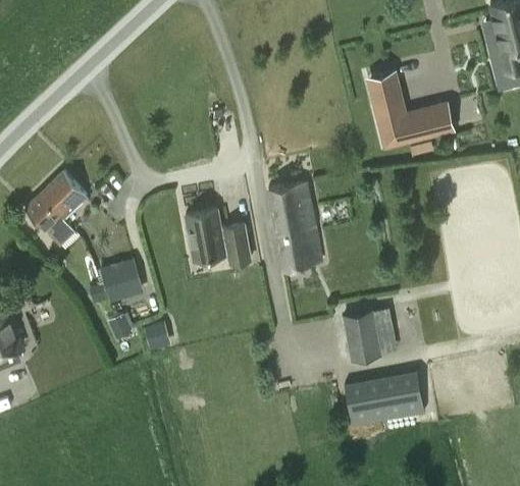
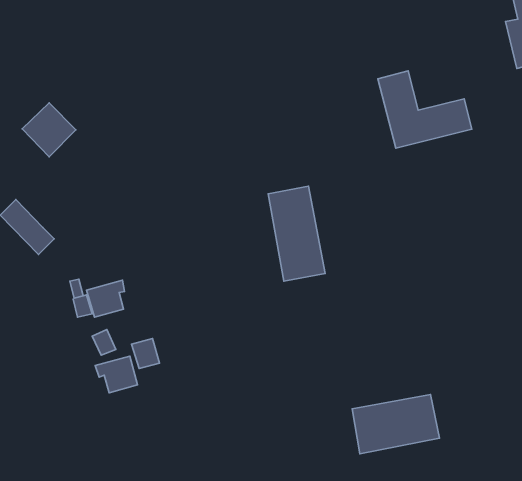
building: [40,171,89,220] -> [22,103,76,157]
building: [186,210,251,264] -> none
building: [345,308,392,360] -> none
building: none -> [95,356,137,393]

